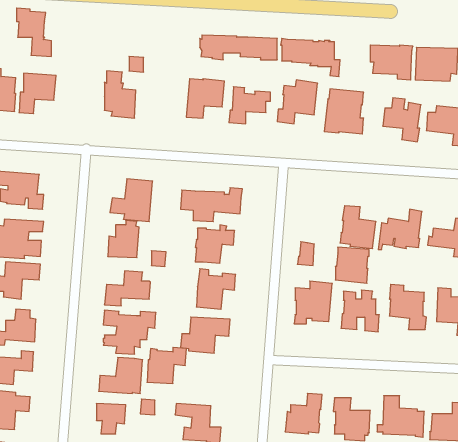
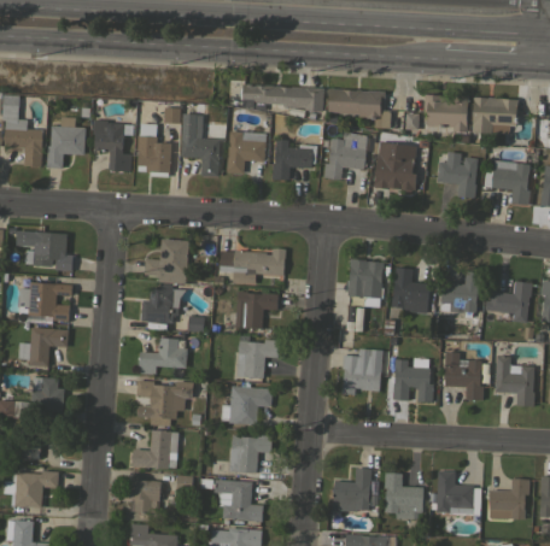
building: [17,8,51,56] -> [93,119,130,171]
building: none -> [181,129,220,177]
building: [335,247,369,283] -> [347,260,384,299]
building: [147,347,186,383] -> [229,434,271,472]

